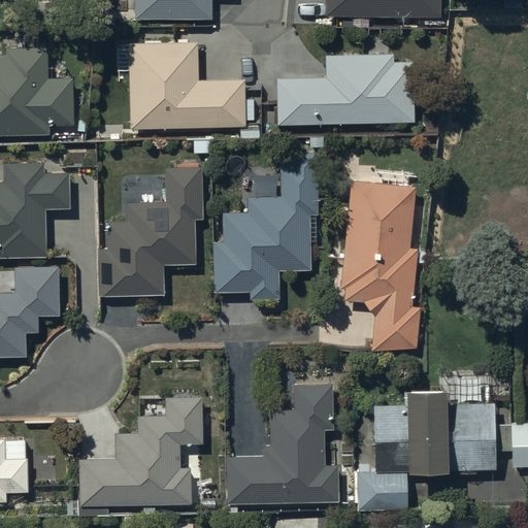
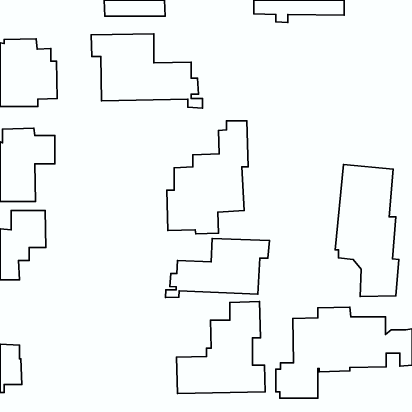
building: [273,56,415,125] -> none
building: [97,168,201,296] -> none
building: [340,182,422,351] -> [335,164,399,297]
building: none -> [166,238,269,298]
building: [79,398,201,515] -> none

